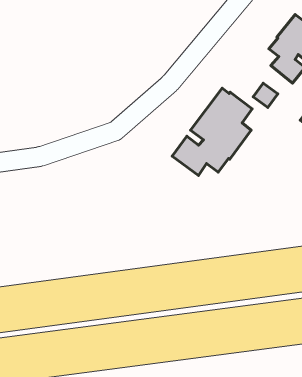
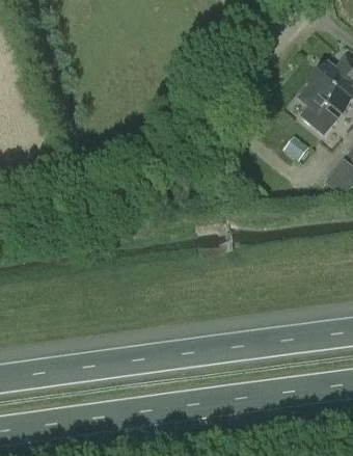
building: [172,88,252,176] -> none

